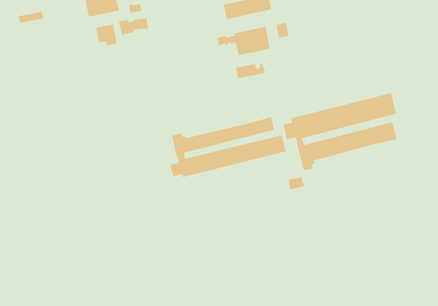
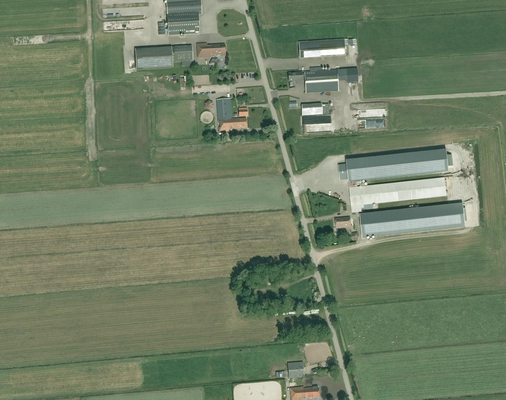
building: none -> [135,45,175,68]
building: none -> [217,98,246,130]
building: [169,117,286,178] -> none
building: none -> [360,202,465,236]

